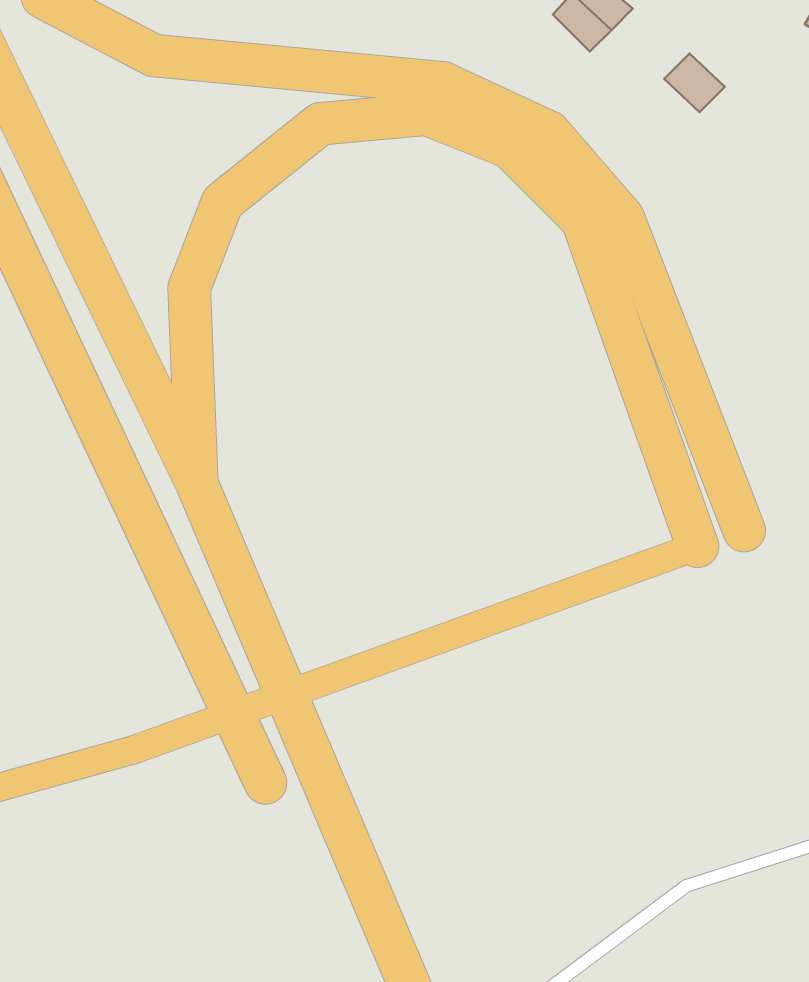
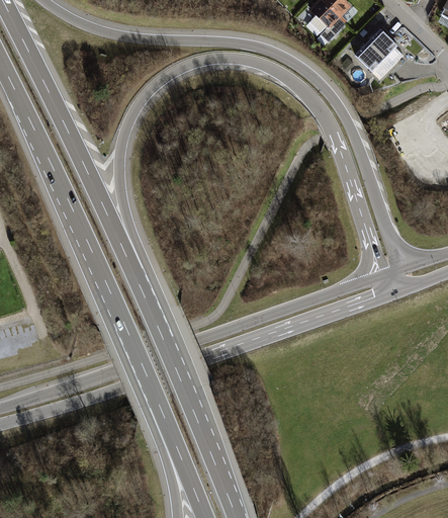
building: none -> [357,45,387,75]

